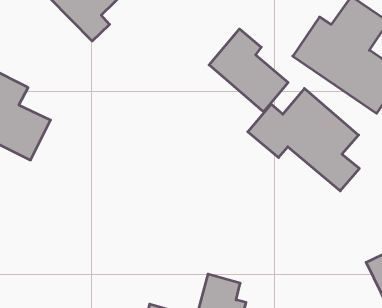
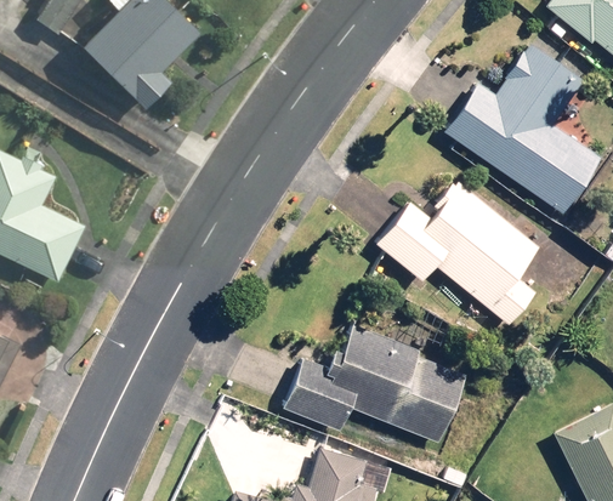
building: [209,29,288,112] -> none
building: none -> [284,325,462,443]

